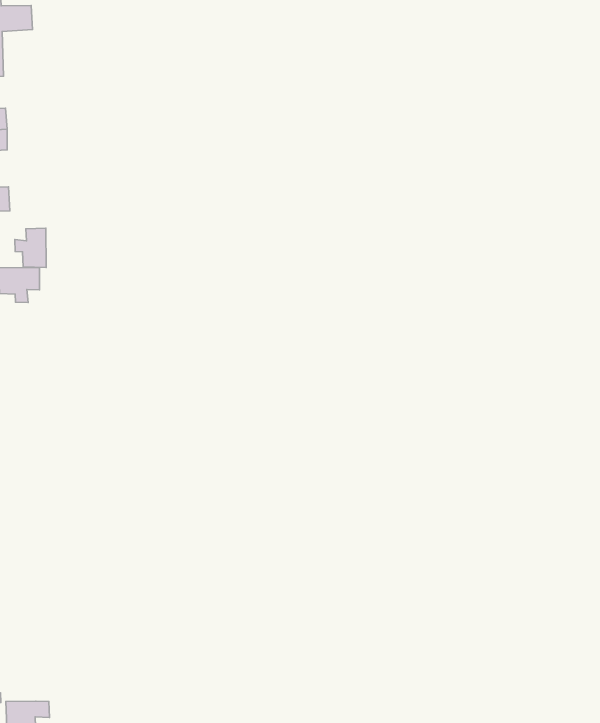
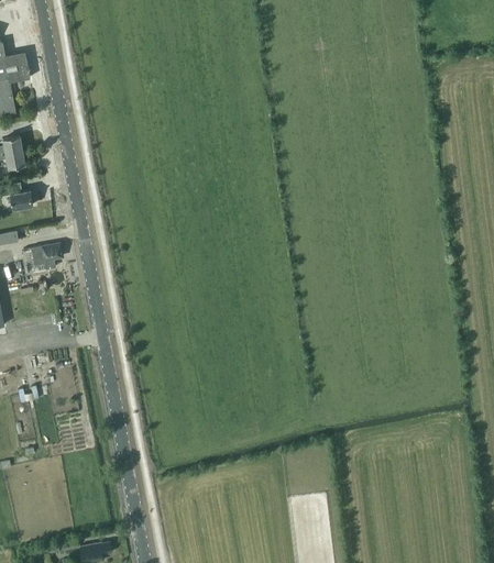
building: [15,228,46,267] -> none

